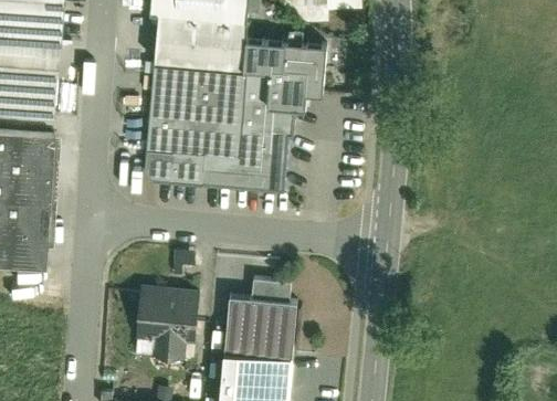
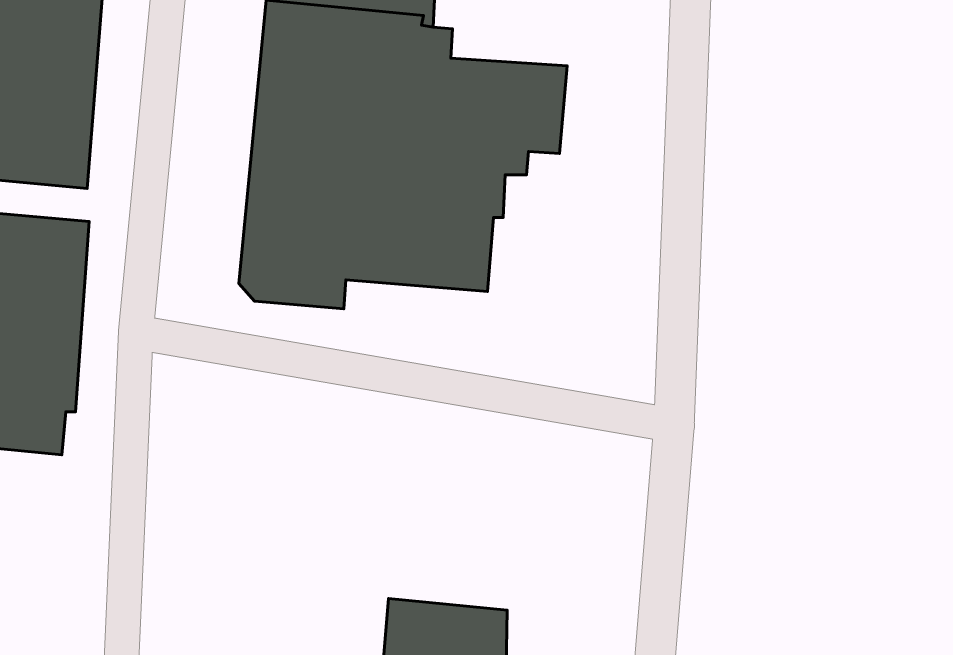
building: [223,277,296,359] -> none
building: [133,283,199,358] -> none

